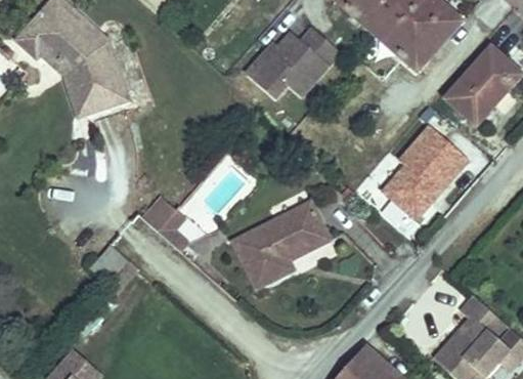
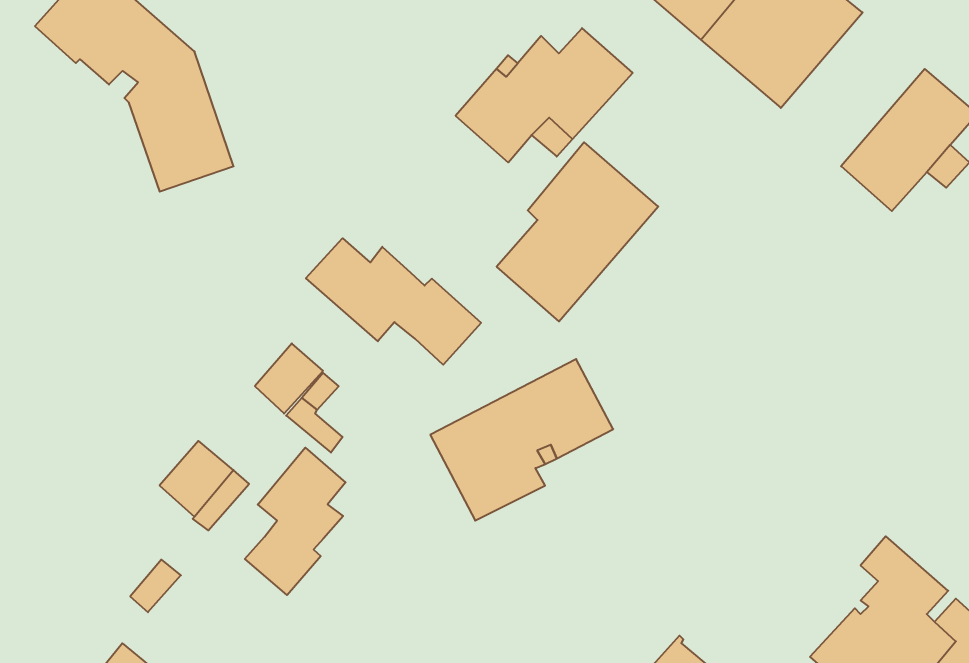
building: [14,27,91,118] -> none
building: [384,124,469,218] -> [497,142,658,321]
building: none -> [306,238,481,365]
building: none -> [245,448,346,595]

